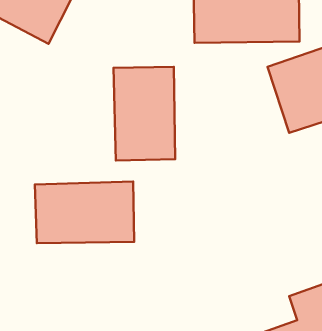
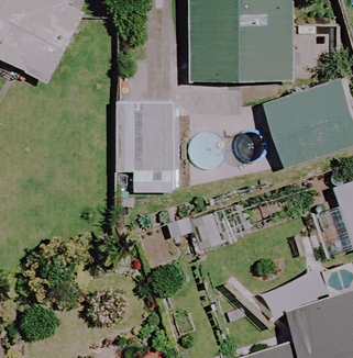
building: [35,182,134,243] -> none

